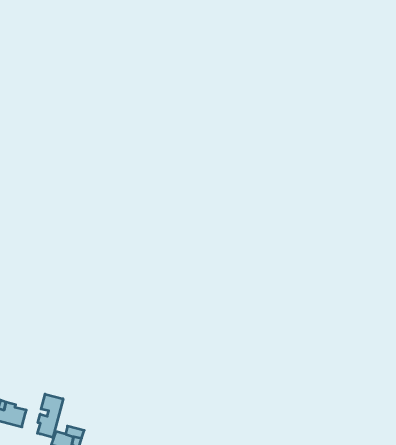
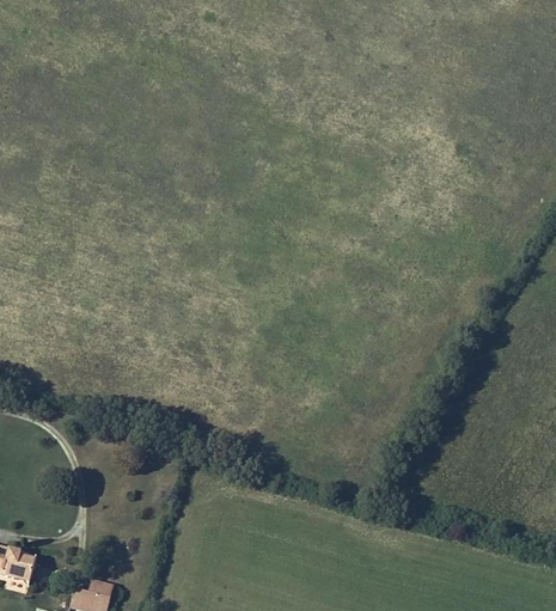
building: [37,394,63,438] -> none

